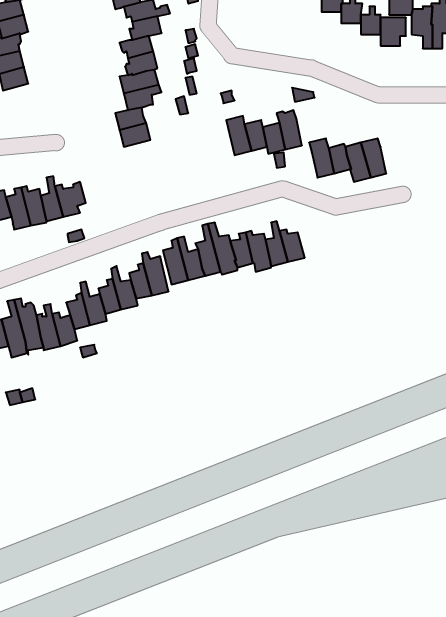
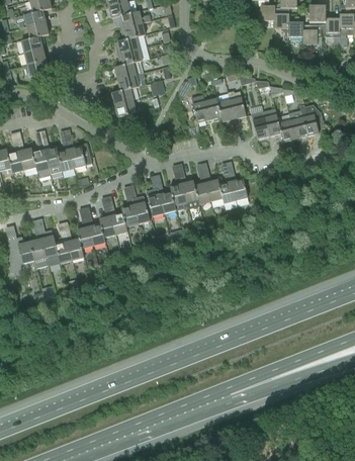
building: none -> [299,105,323,136]

